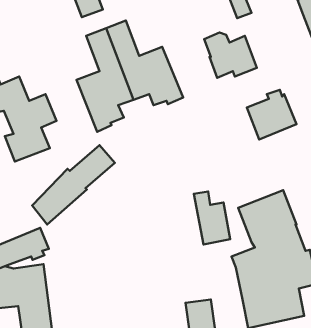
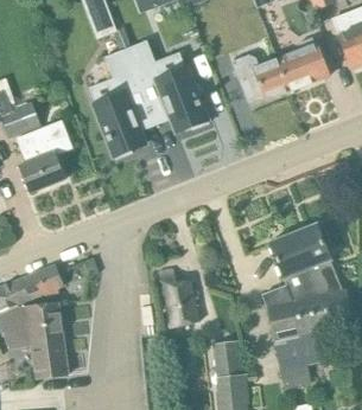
building: [247,90,296,140] -> [275,38,329,91]
building: [32,145,115,224] -> none
building: [194,192,230,245] -> [158,269,197,326]

